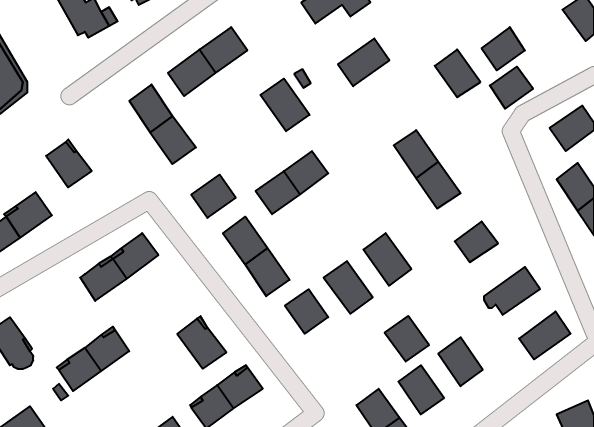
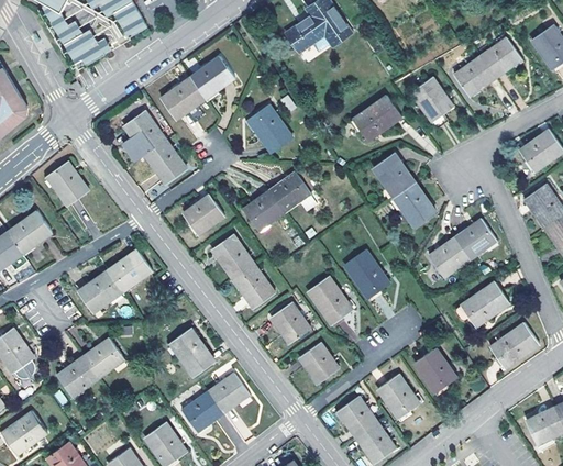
building: [338,38,389,86] -> [353,96,401,141]
building: [490,67,533,109] -> [482,38,522,78]
building: none -> [455,220,497,259]
building: [385,316,429,362] -> [298,342,340,385]

